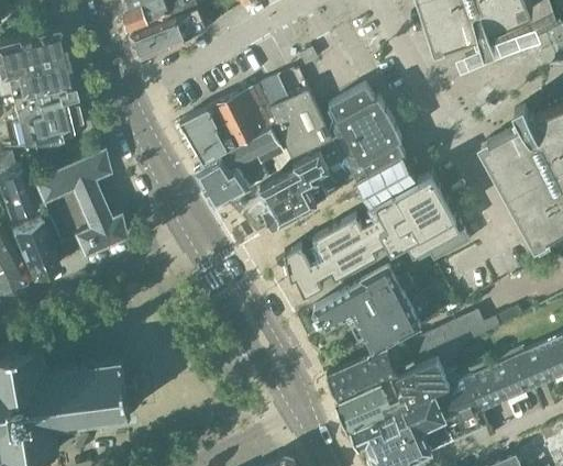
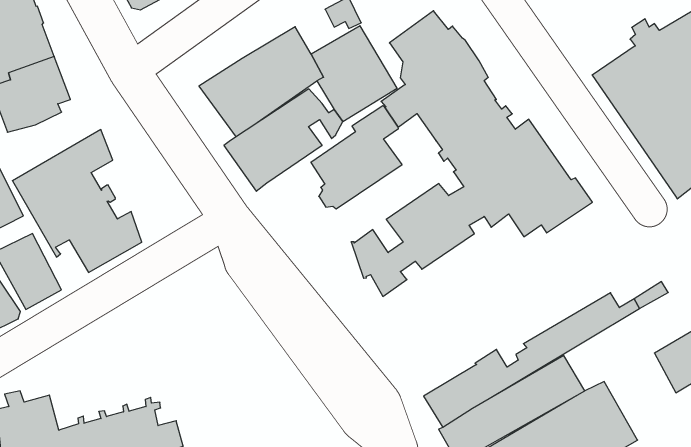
building: [313,268,421,353] -> none
building: [465,363,519,428] -> none

